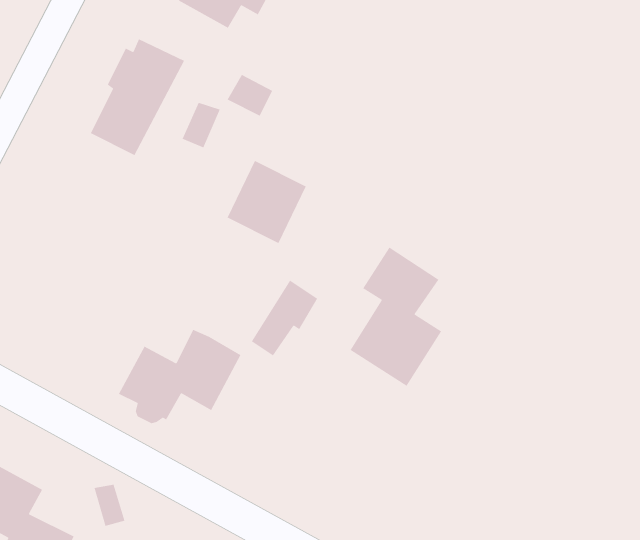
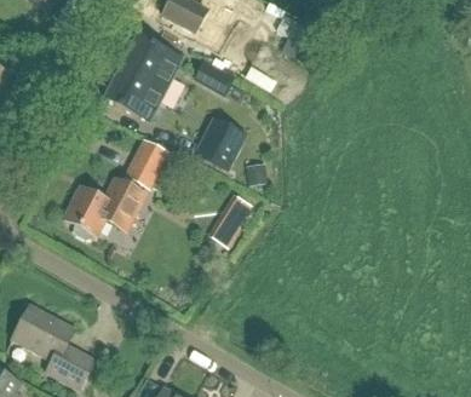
building: none -> [125,139,168,189]
building: [349,246,442,387] -> none
building: [118,329,241,424] -> [64,177,144,238]

